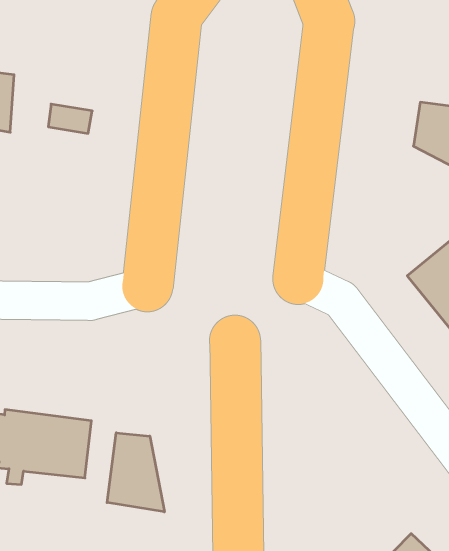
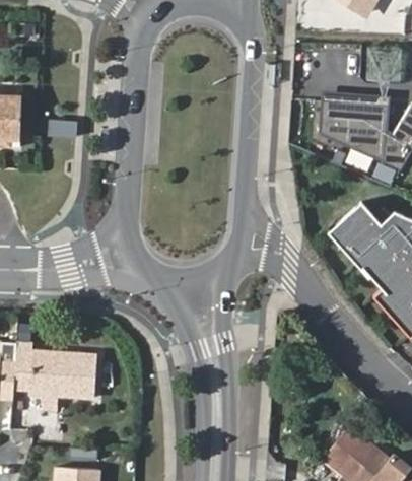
building: [107,433,164,512] -> none

